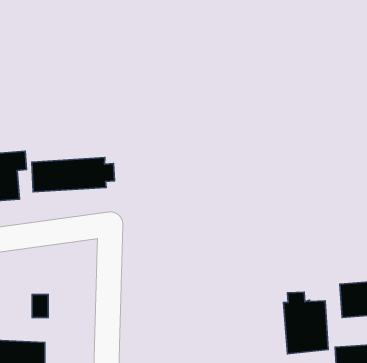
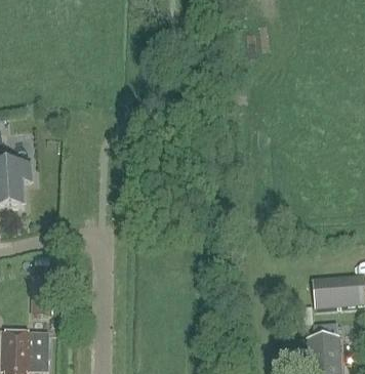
building: [32,157,114,192] -> none
building: [284,292,328,354] -> none

